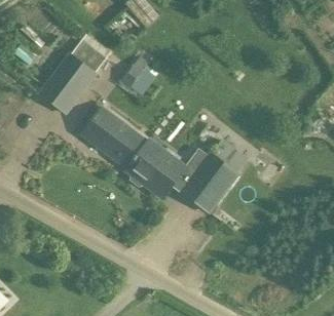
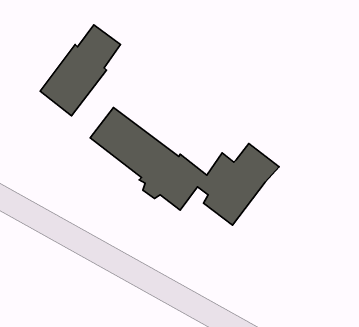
building: [120,62,154,95] -> none

